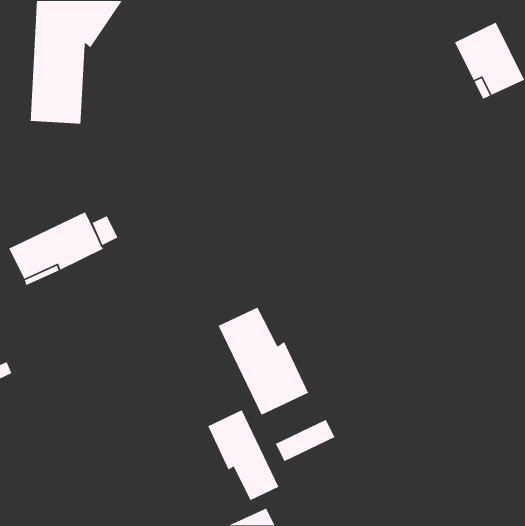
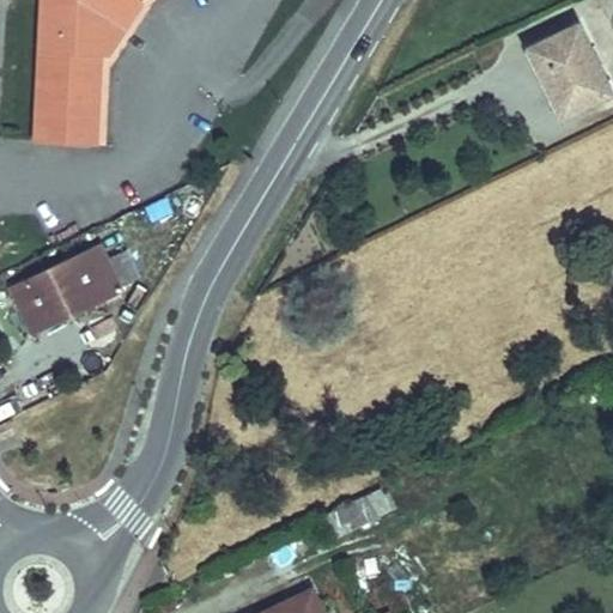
building: [218,306,309,416] -> none
building: [207,409,280,501] -> none

